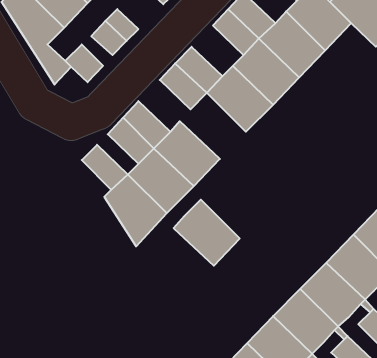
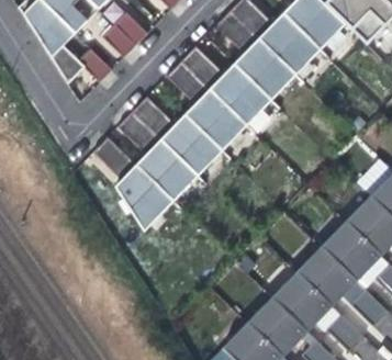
building: [174,200,240,266] -> [186,89,247,150]

